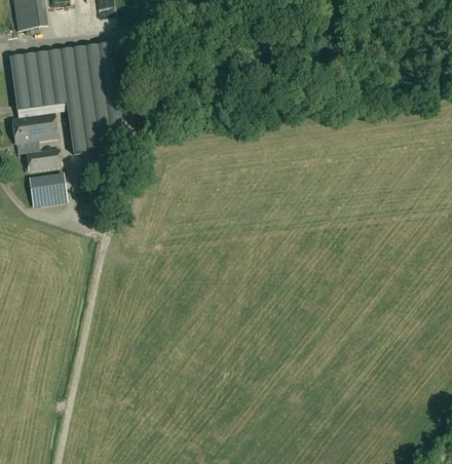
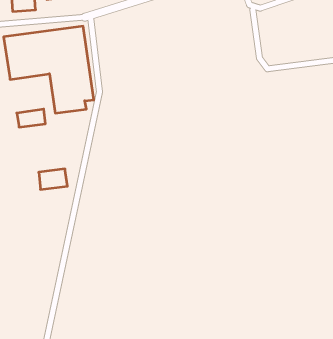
building: [10,113,55,154] -> none
building: [28,173,64,199] -> [39,169,67,189]

